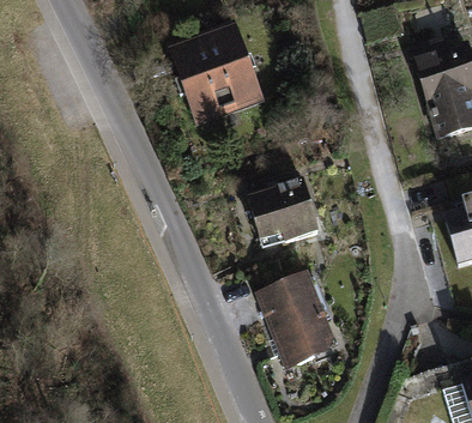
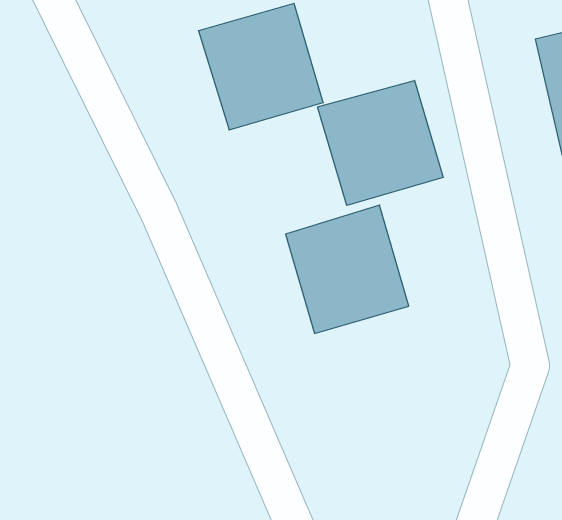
building: none -> [318,80,443,205]
building: [256,268,347,369] -> none

